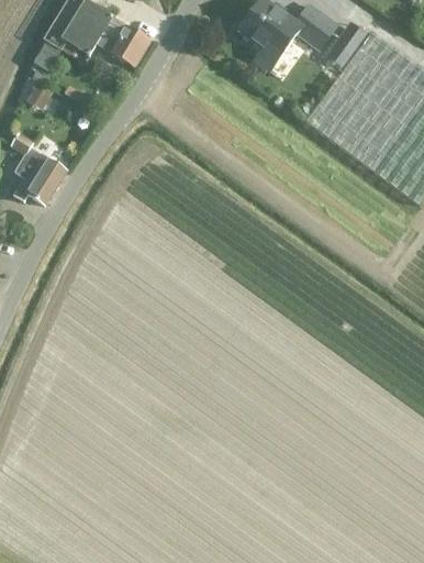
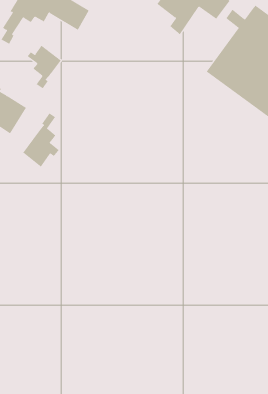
building: none -> [27,45,62,89]
building: none -> [23,112,60,167]

